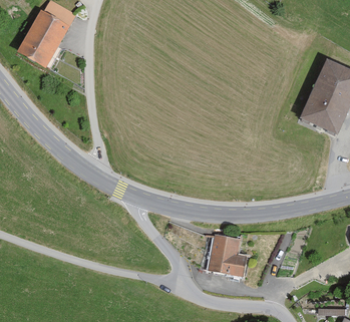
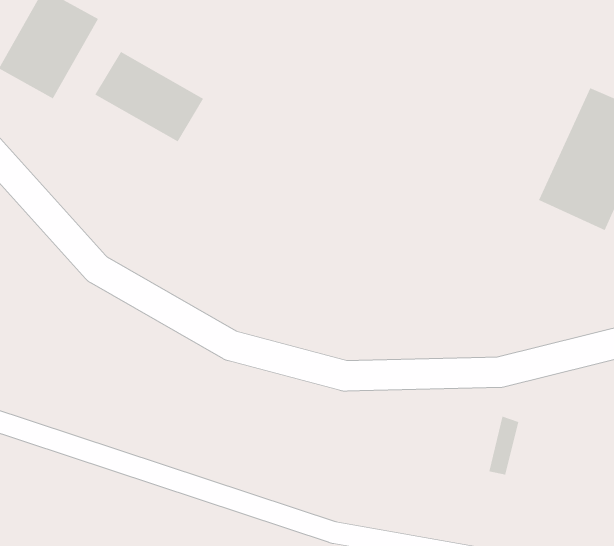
building: none -> [95,51,204,142]
building: [206,233,246,277] -> none

